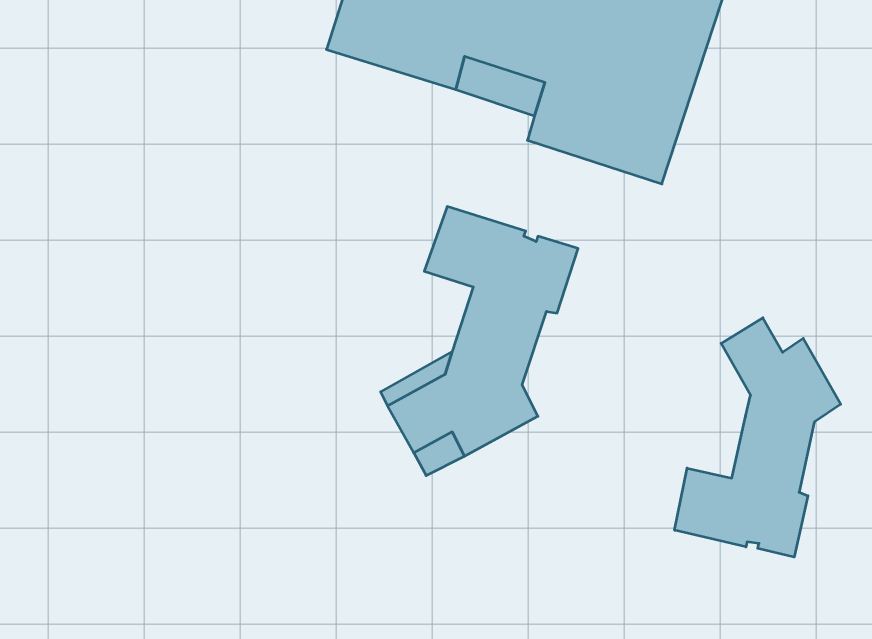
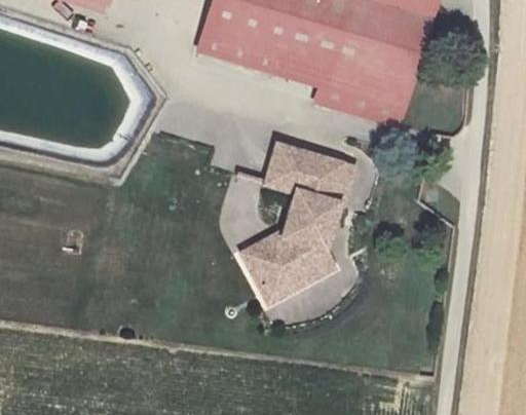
building: [675,318,841,557] -> none

